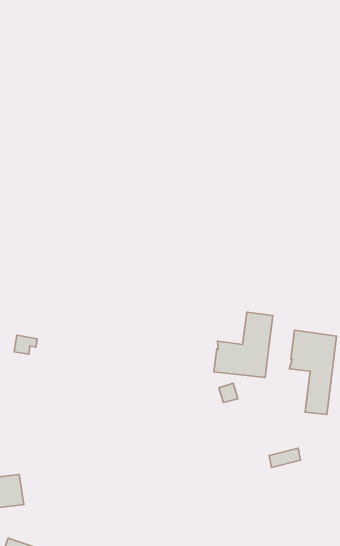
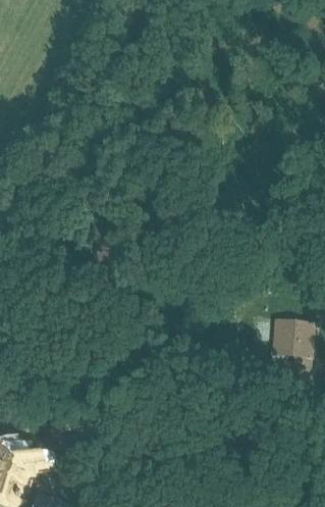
building: [214,312,273,377] -> none

